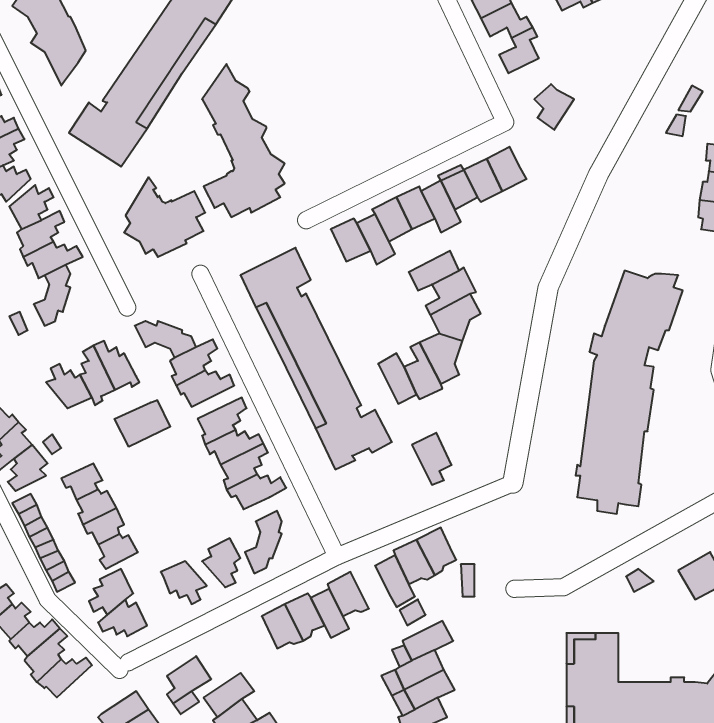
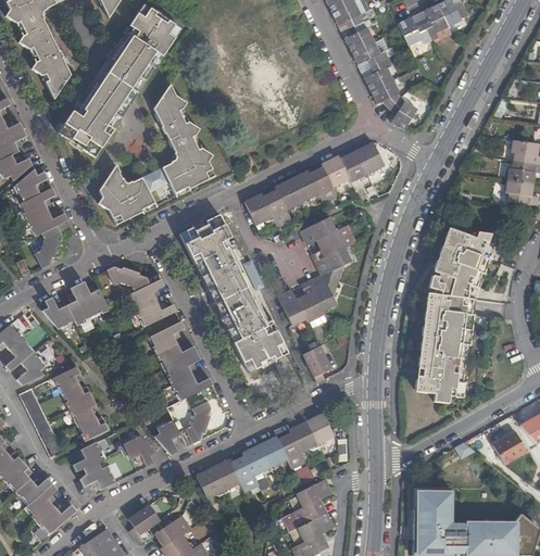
building: none -> [371,79,401,109]
building: [114,400,170,447] -> none
building: none -> [259,437,286,470]

